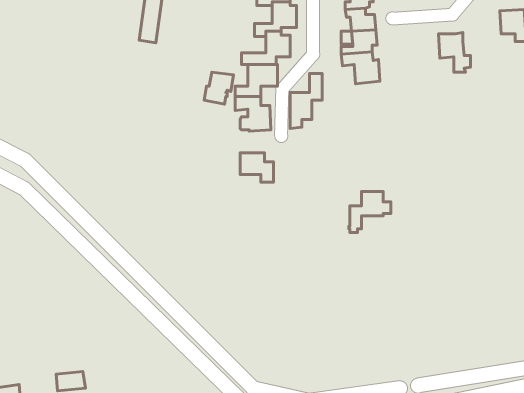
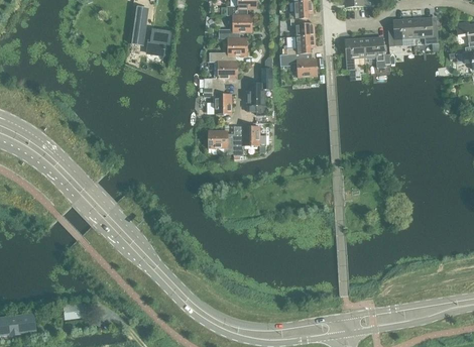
building: none -> [391,18,413,45]
building: none -> [345,36,365,69]
building: [204,72,233,104] -> [147,29,170,54]
building: [349,192,391,233] -> [233,126,266,158]

